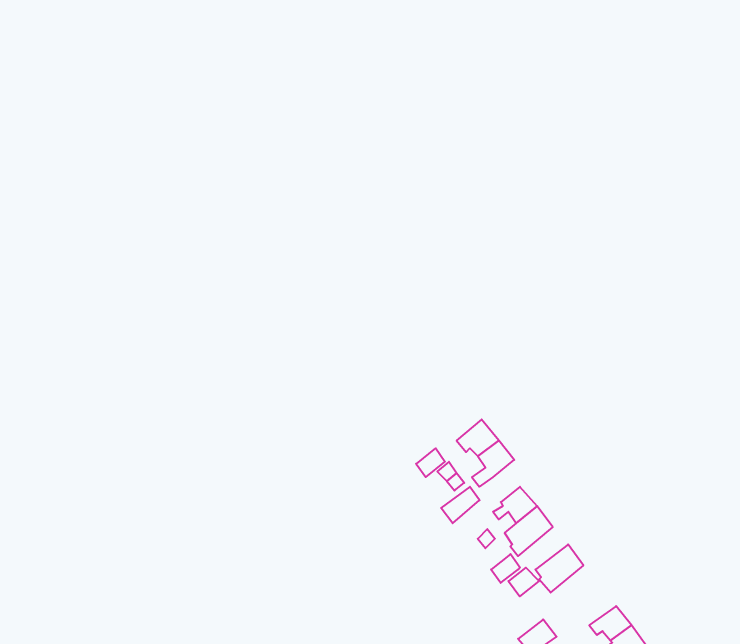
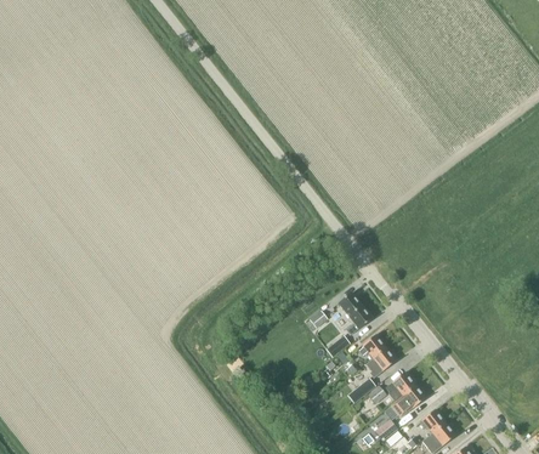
building: none -> [390,385,426,418]

